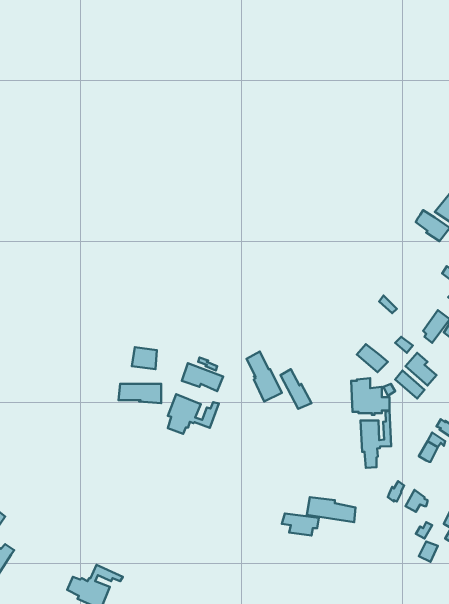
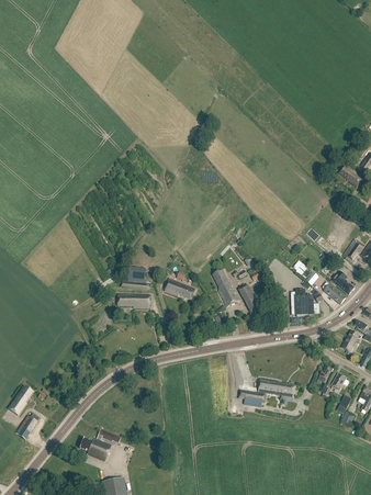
building: [168,394,219,434] -> none
building: [361,410,391,468] -> none

